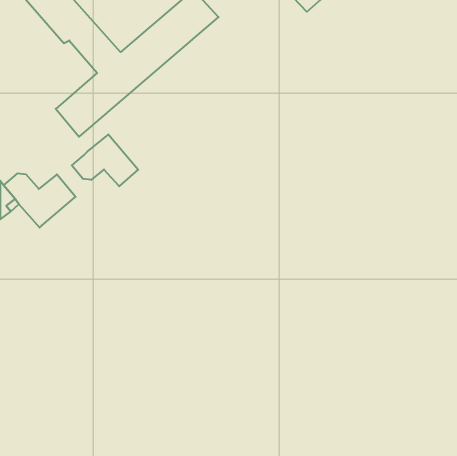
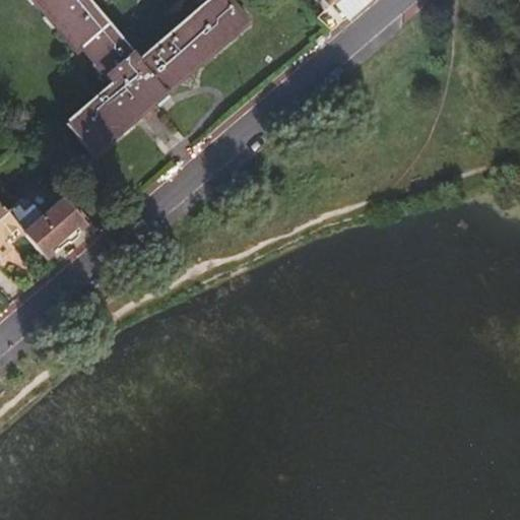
building: [72,134,138,186] -> none

